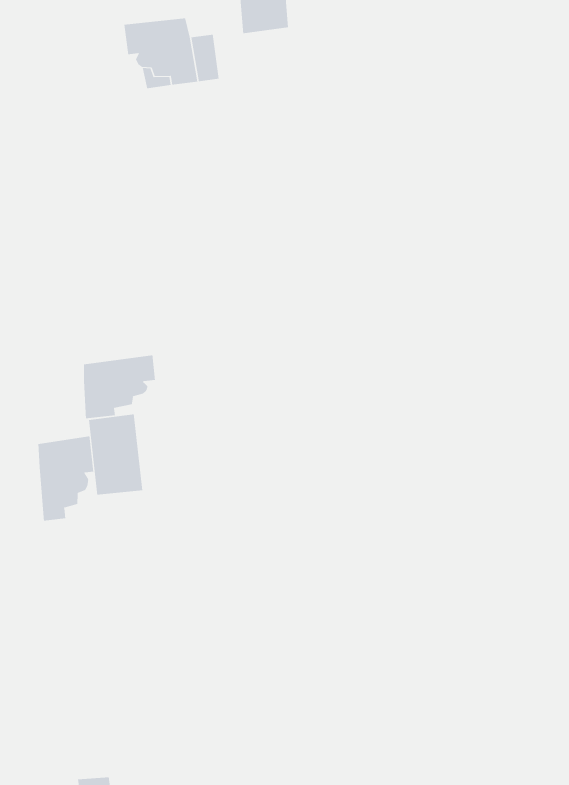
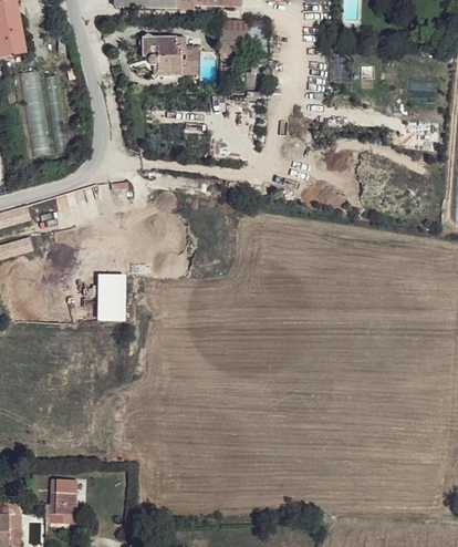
building: [83,355,156,419] -> none
building: [38,435,94,521] -> none

